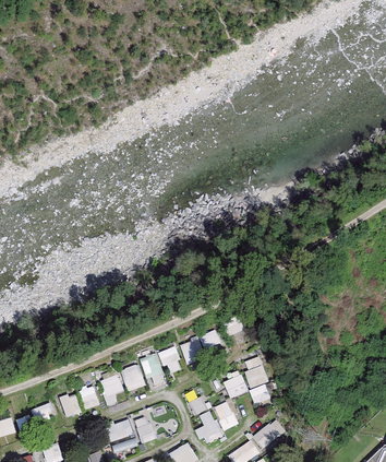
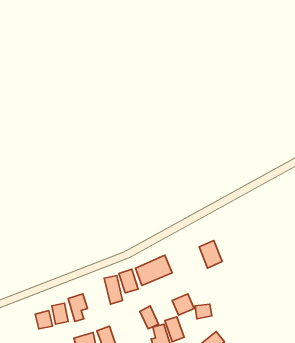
building: [242,355,269,388] -> [199,240,222,268]
building: [121,363,146,391] -> none

